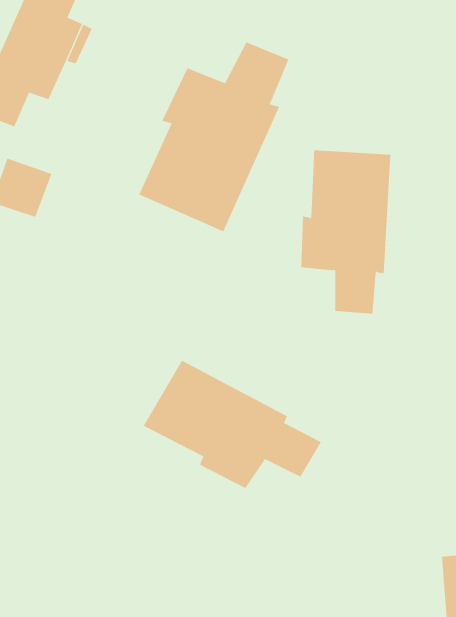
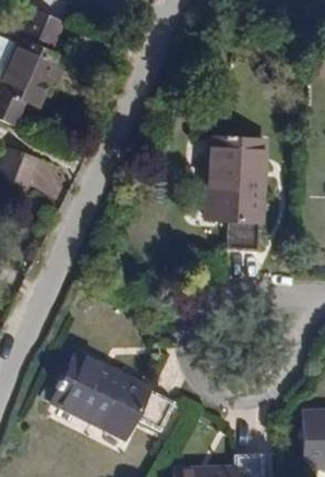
building: [139,41,289,232] -> none
building: [143,360,322,489] -> [55,353,176,440]

